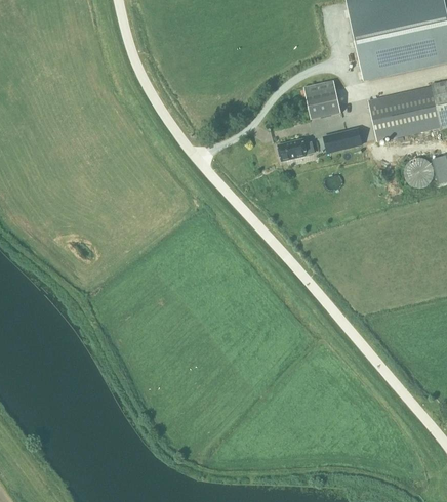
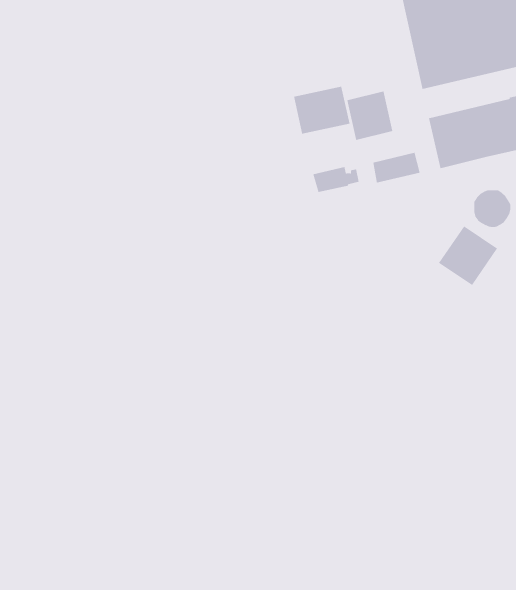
building: none -> [293,86,350,134]
building: none -> [438,226,498,286]

